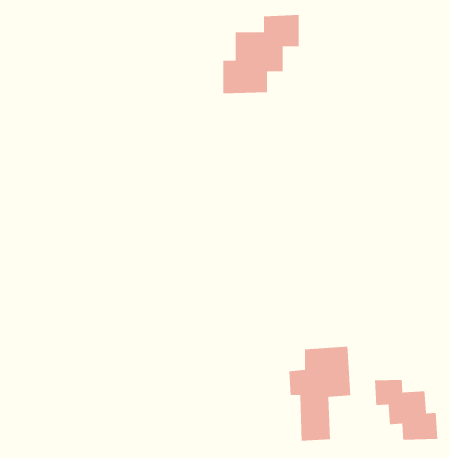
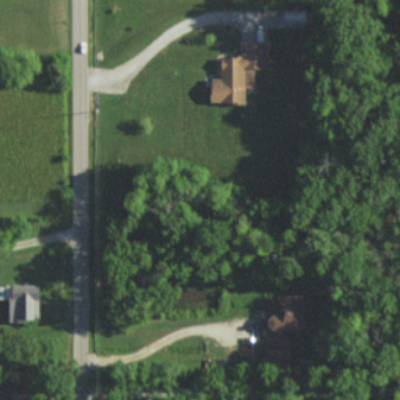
building: [374,379,438,440] -> none

